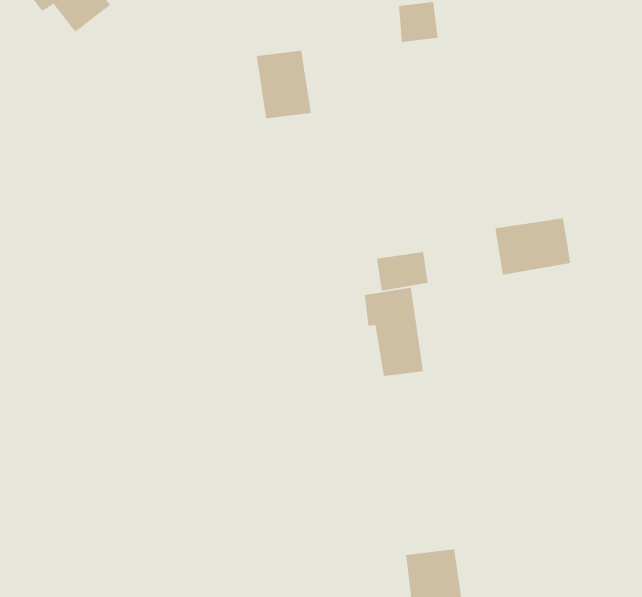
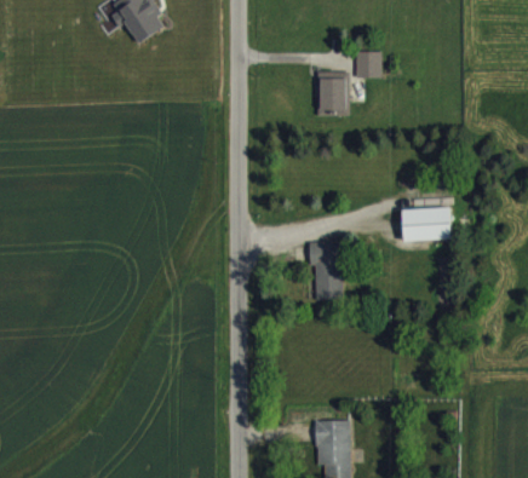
building: [256,50,312,119] -> [316,71,349,115]
building: [376,251,429,292] -> none

